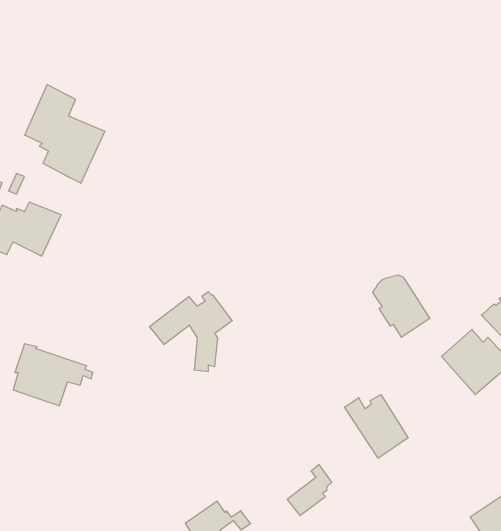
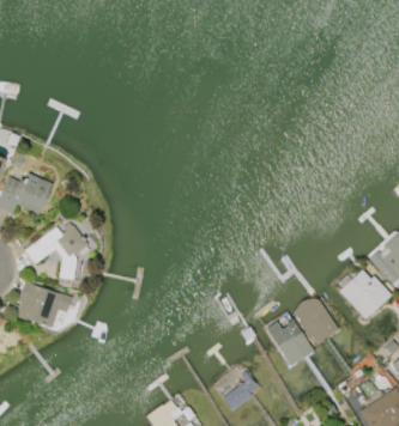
building: [25,84,105,183] -> none
building: [373,275,430,337] -> [295,298,338,345]
building: [149,292,232,371] -> [25,224,87,284]

